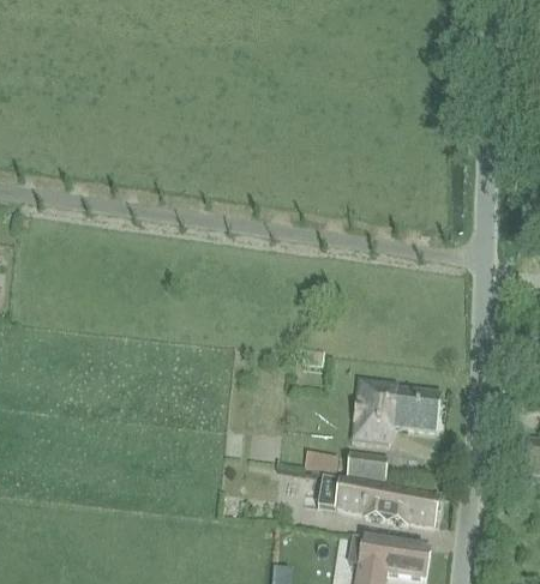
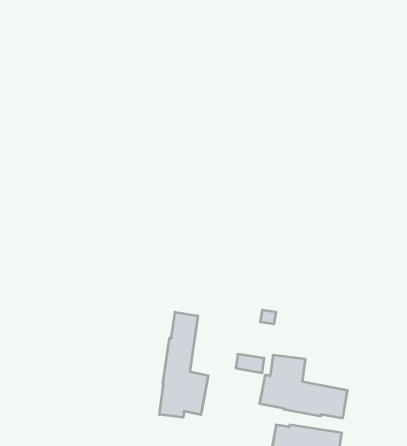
building: [353,377,439,441] -> none
building: none -> [159,312,208,417]

